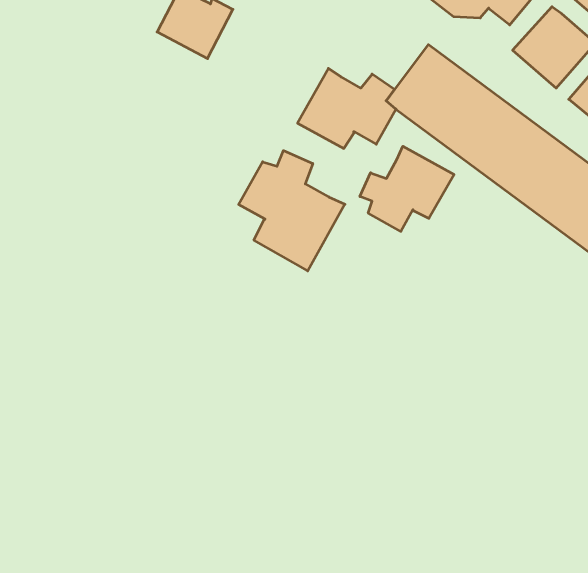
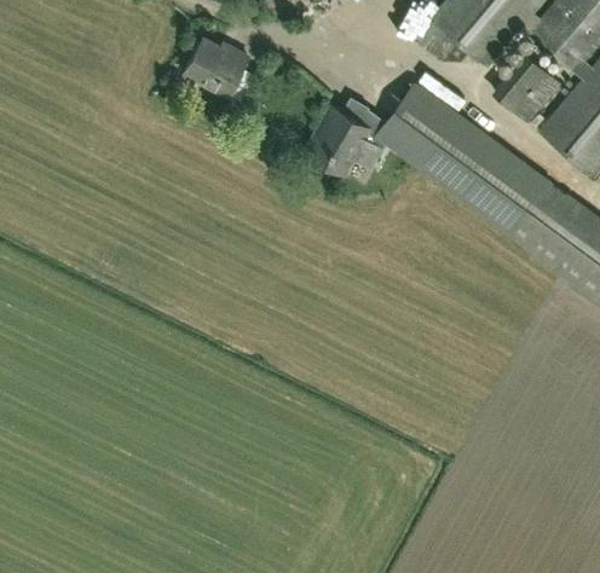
building: [360,146,454,231] -> none
building: [239,151,345,271] -> none

